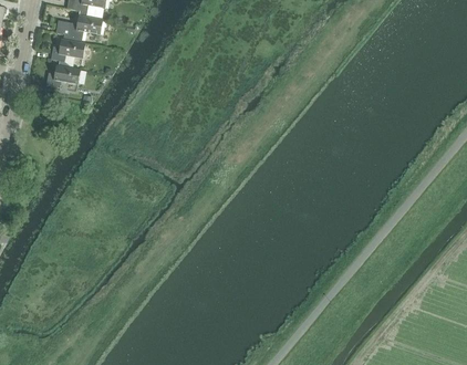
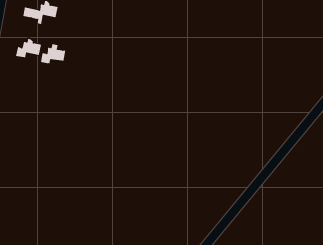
building: [50,33,84,61] -> [40,44,66,65]

